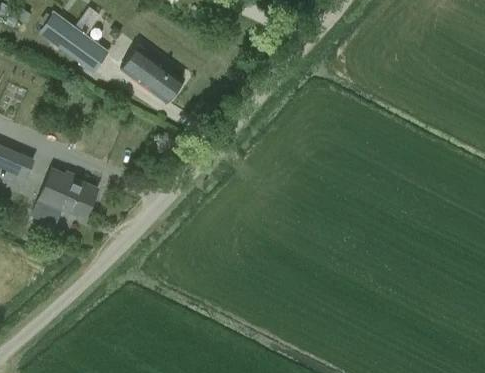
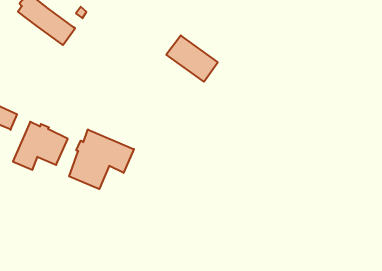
building: [119,46,182,103] -> [166,35,218,82]
building: none -> [69,129,134,189]

